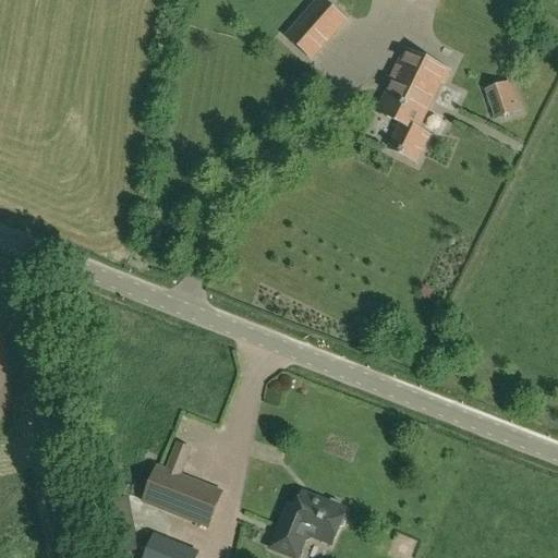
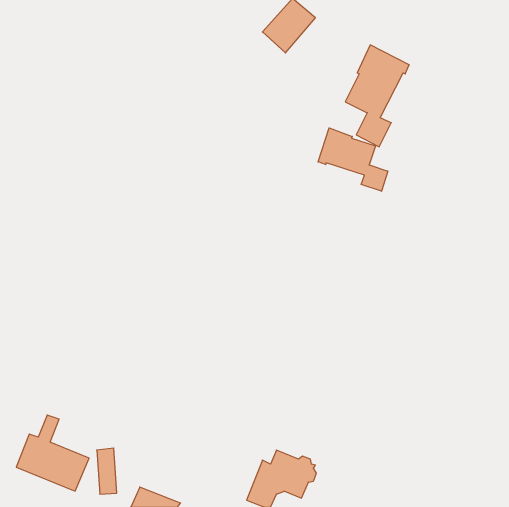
building: [486,83,515,117] -> none
building: none -> [318,128,388,191]
building: [142,442,221,525] -> [16,415,89,491]

